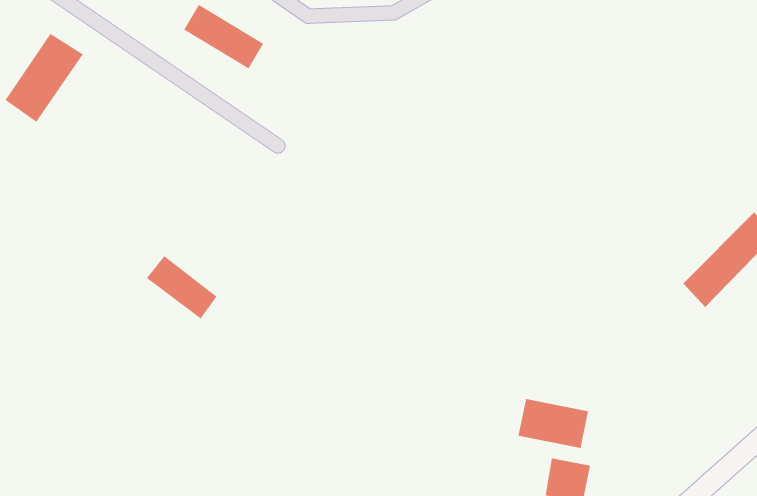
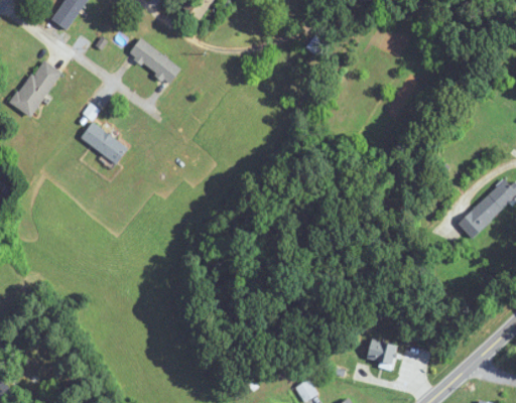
building: [146,255,217,319] -> [80,122,127,164]
building: [518,398,589,449] -> none

